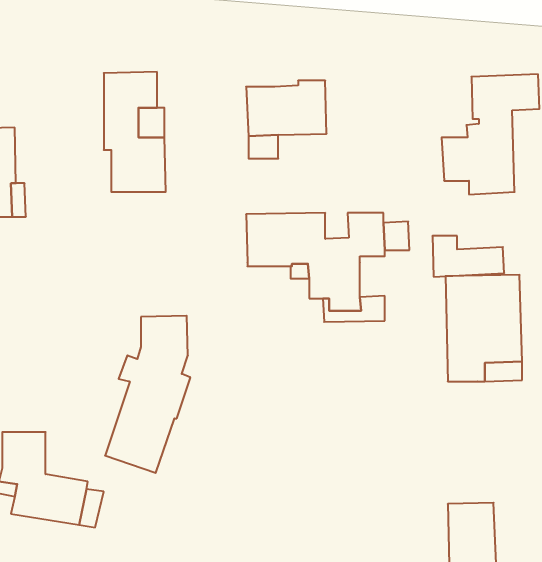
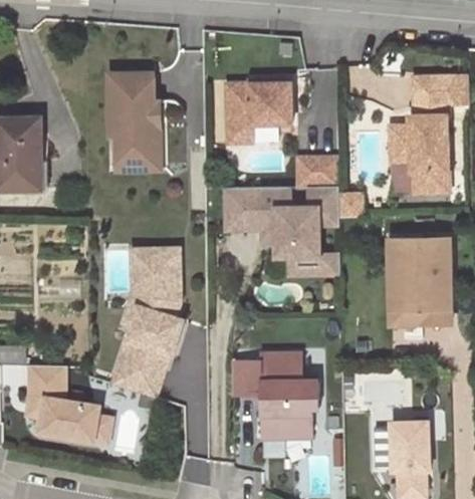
building: none -> [298,158,338,187]
building: [432,236,504,277] -> [388,161,446,194]
building: none -> [141,248,179,271]
building: none -> [233,353,319,439]

